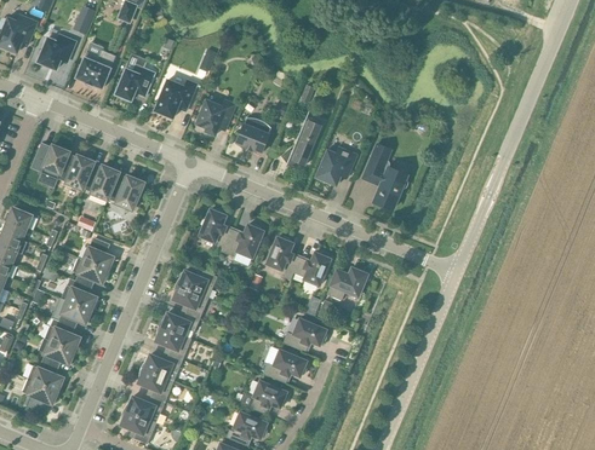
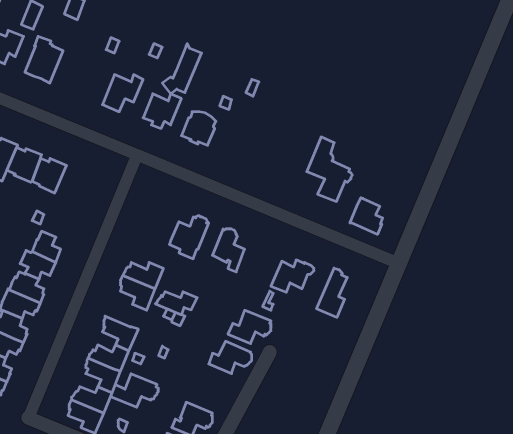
building: [115,64,154,100] -> none
building: [281,115,321,166] -> [162,44,202,94]
building: [315,146,356,185] -> none
building: [108,174,143,209] -> none
building: none -> [350,198,383,234]
building: [199,208,233,252] -> none
building: [293,250,330,284] -> none
building: none -> [317,268,347,317]
building: [158,312,200,335] -> [155,292,197,315]
building: [239,380,287,414] -> [111,374,158,407]

